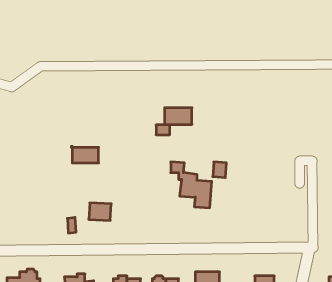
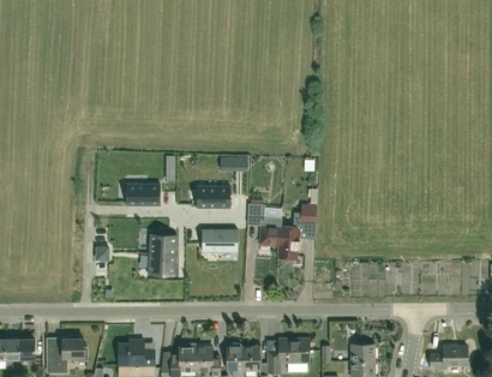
building: [165,108,192,124] -> [197,186,230,207]
building: none -> [203,229,238,251]
building: none -> [149,233,176,255]

